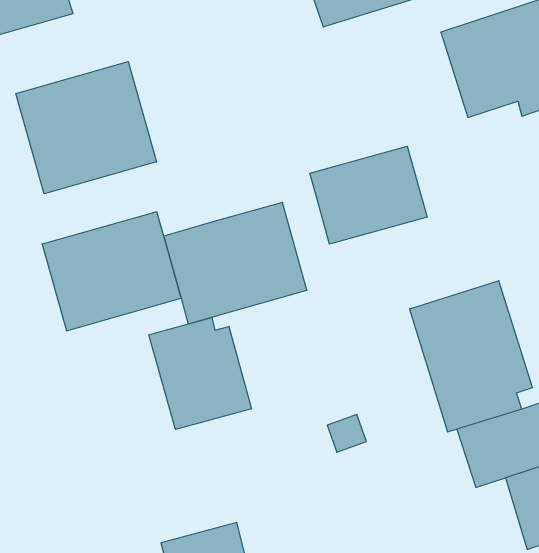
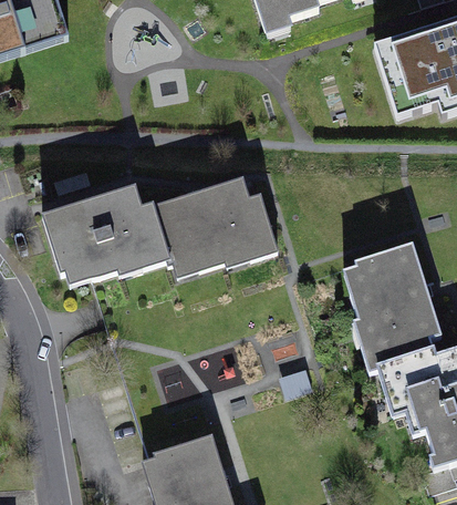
building: [16,62,157,194] -> none
building: [310,146,427,244] -> none
building: [149,317,251,429] -> none

